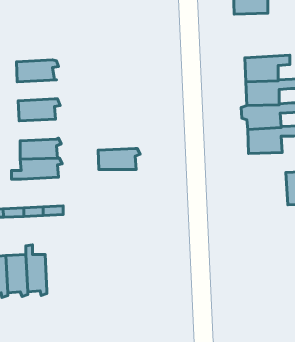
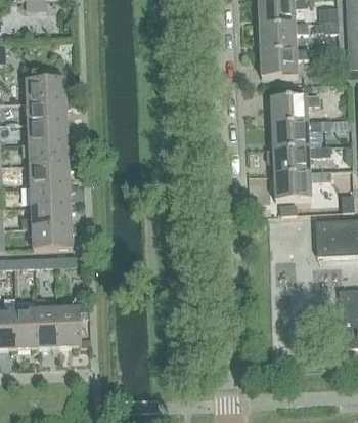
building: none -> [260,48,309,77]
building: none -> [26,78,71,101]
building: none -> [28,121,73,143]
building: none -> [30,163,75,186]
building: [98,148,140,169] -> [32,225,77,248]
building: none -> [57,307,81,351]

